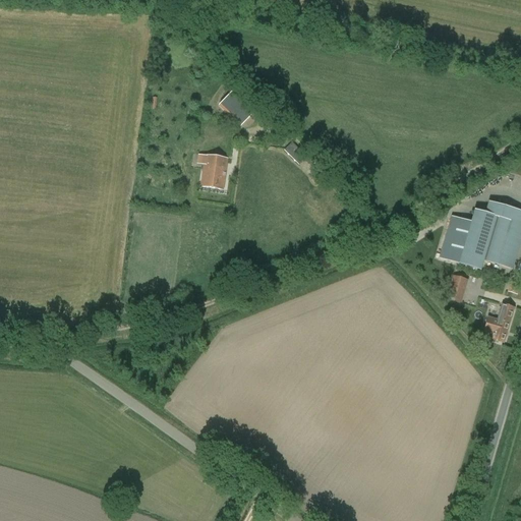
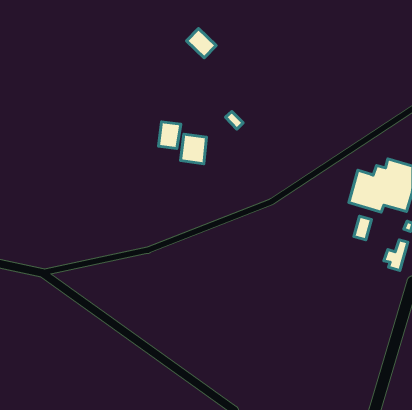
building: [219,89,256,125] -> [186,29,216,58]
building: none -> [180,134,207,164]

